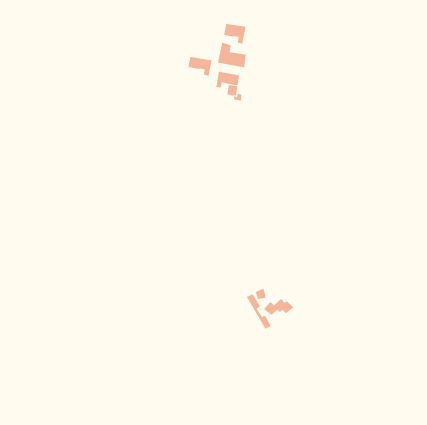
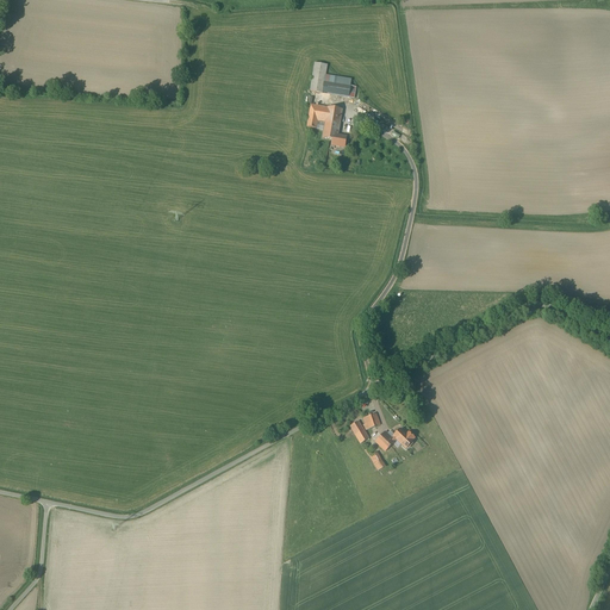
building: [223,23,246,44] -> none
building: [188,56,212,76] -> none

